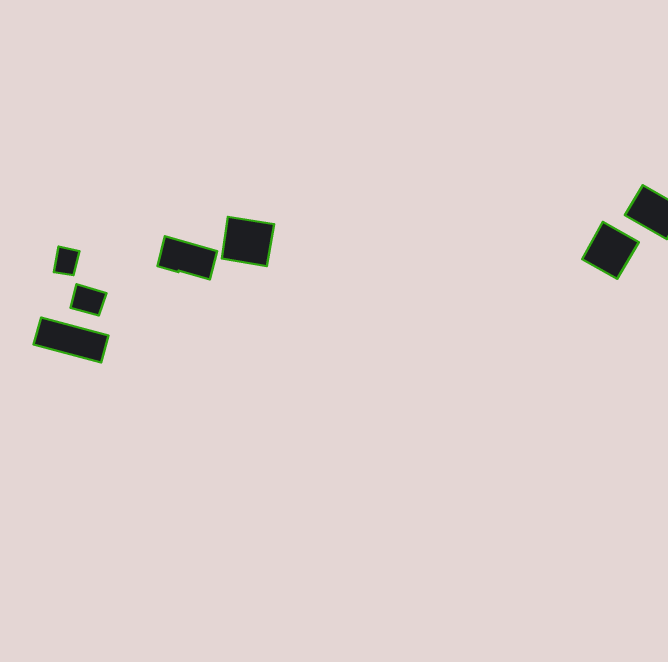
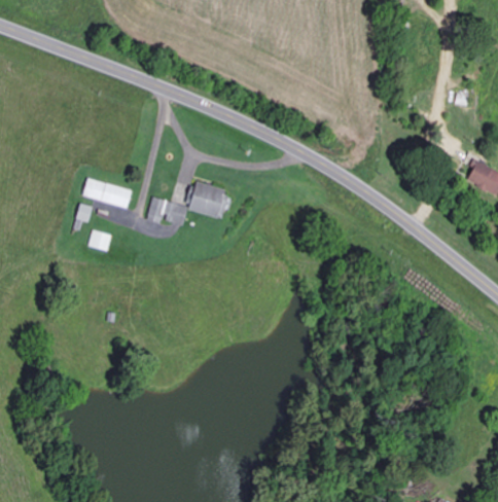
building: [582,222,639,279] -> none
building: [34,318,109,363] -> [80,178,132,209]

